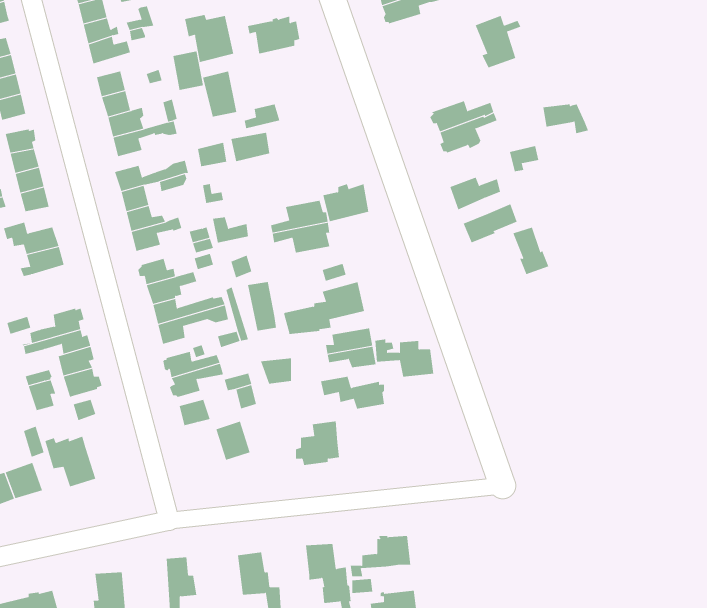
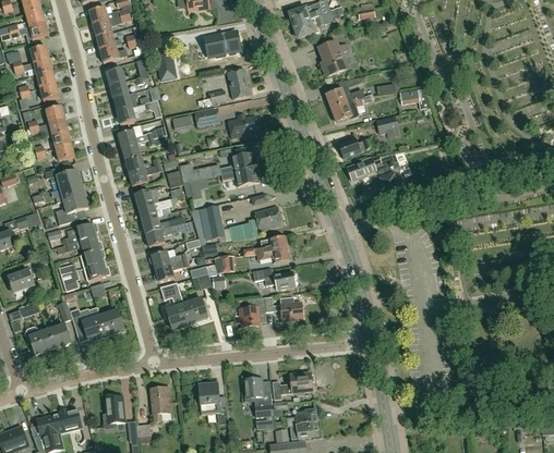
building: [185,14,234,63] -> none
building: [475,15,521,68] -> [318,40,349,75]
building: [202,71,237,117] -> [227,69,250,99]
building: [323,184,369,222] -> [228,113,258,138]
building: none -> [56,195,88,225]
building: [374,339,434,377] -> [264,296,303,321]
building: none -> [166,303,191,329]
building: none -> [99,305,123,335]

